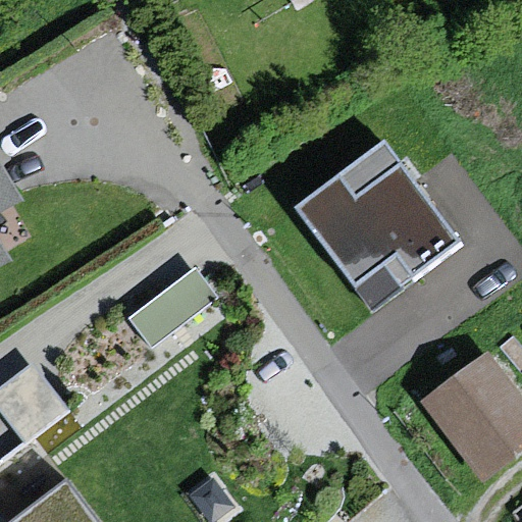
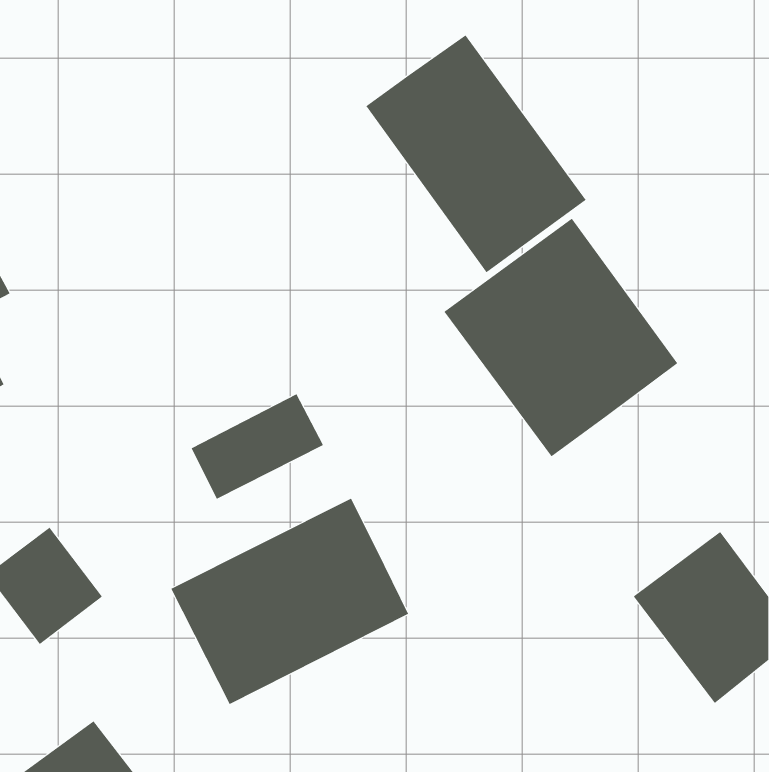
building: none -> [366,34,587,273]
building: none -> [170,498,409,705]

